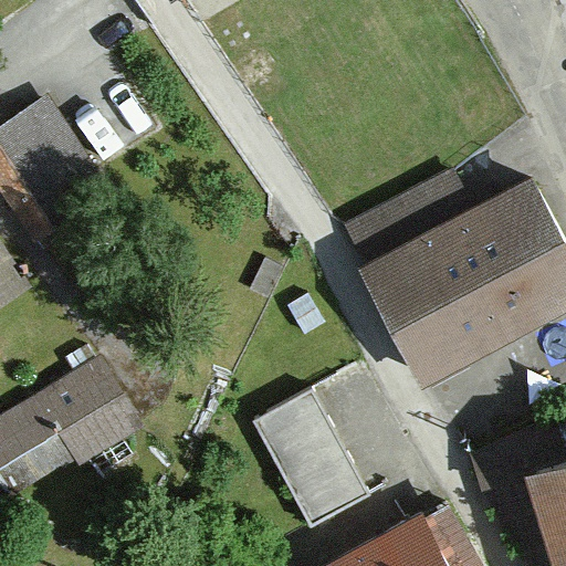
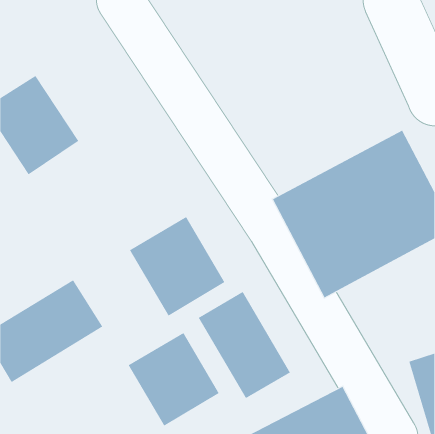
building: none -> [129,216,225,316]
building: none -> [128,332,220,426]

